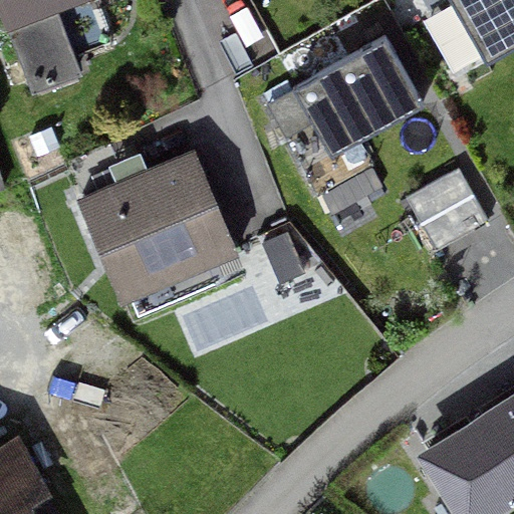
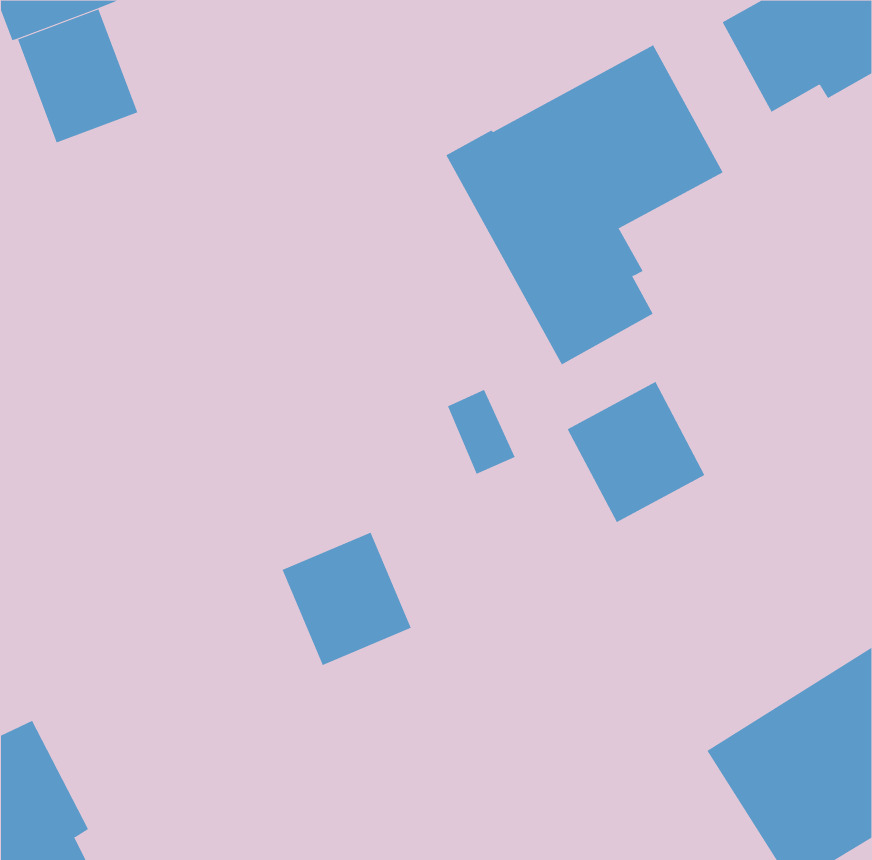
building: [76,149,240,305] -> none
building: [409,172,490,255] -> [567,381,705,523]
building: none -> [282,532,412,666]

